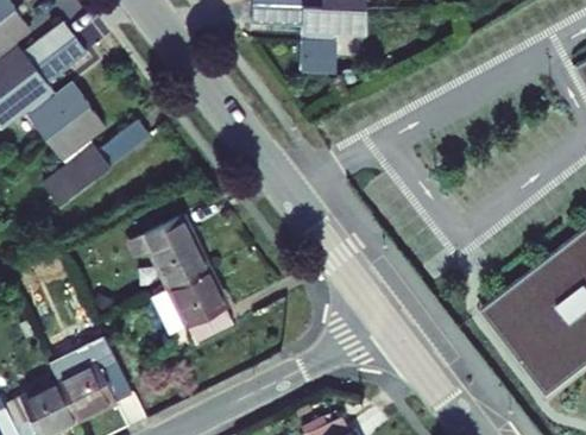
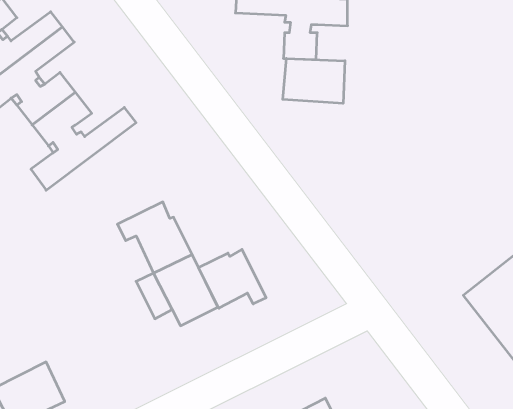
building: none -> [283,58,345,103]
building: none -> [199,249,266,308]
building: [50,336,131,418] -> none

